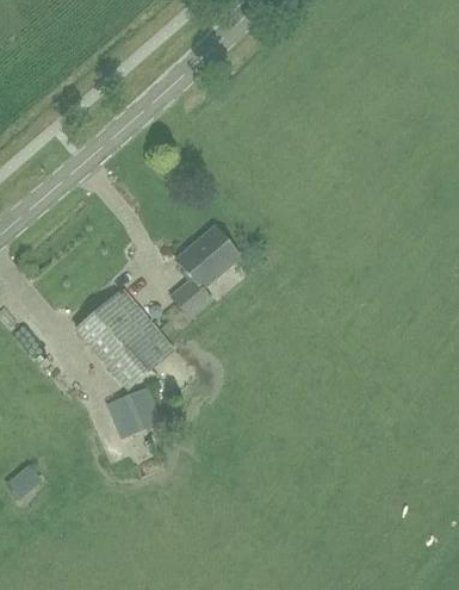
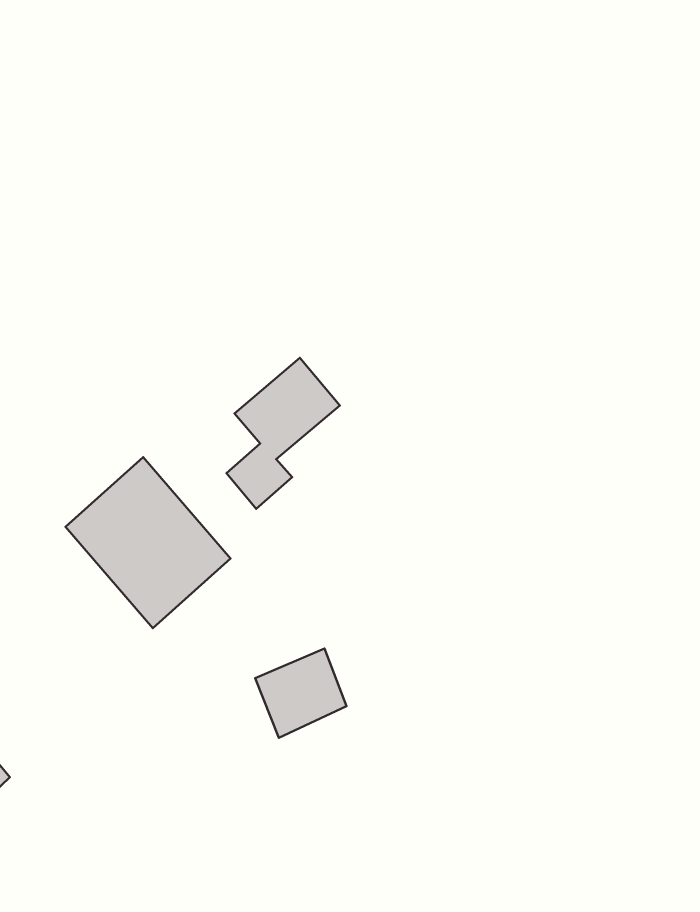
building: [106,384,161,437] -> [255,648,346,738]

